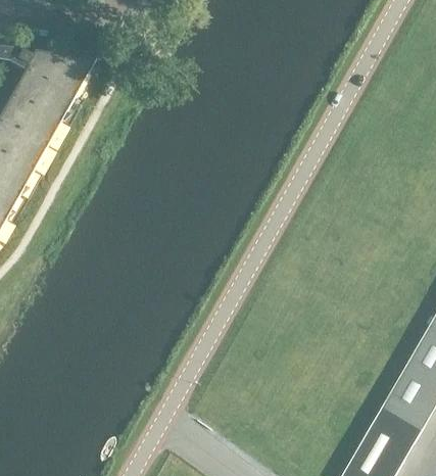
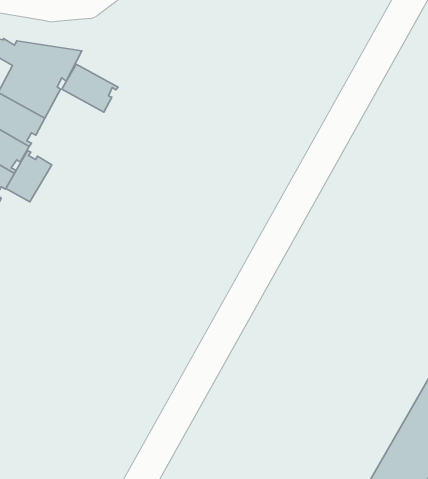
building: none -> [62,64,118,112]
building: none -> [6,151,52,202]

